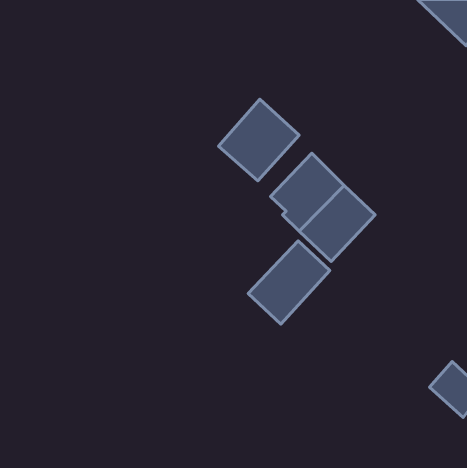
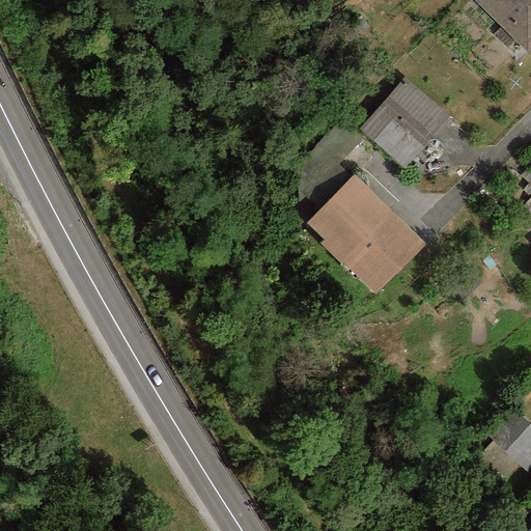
building: [219,99,299,181] -> [360,76,451,168]
building: [248,241,330,324] -> none

